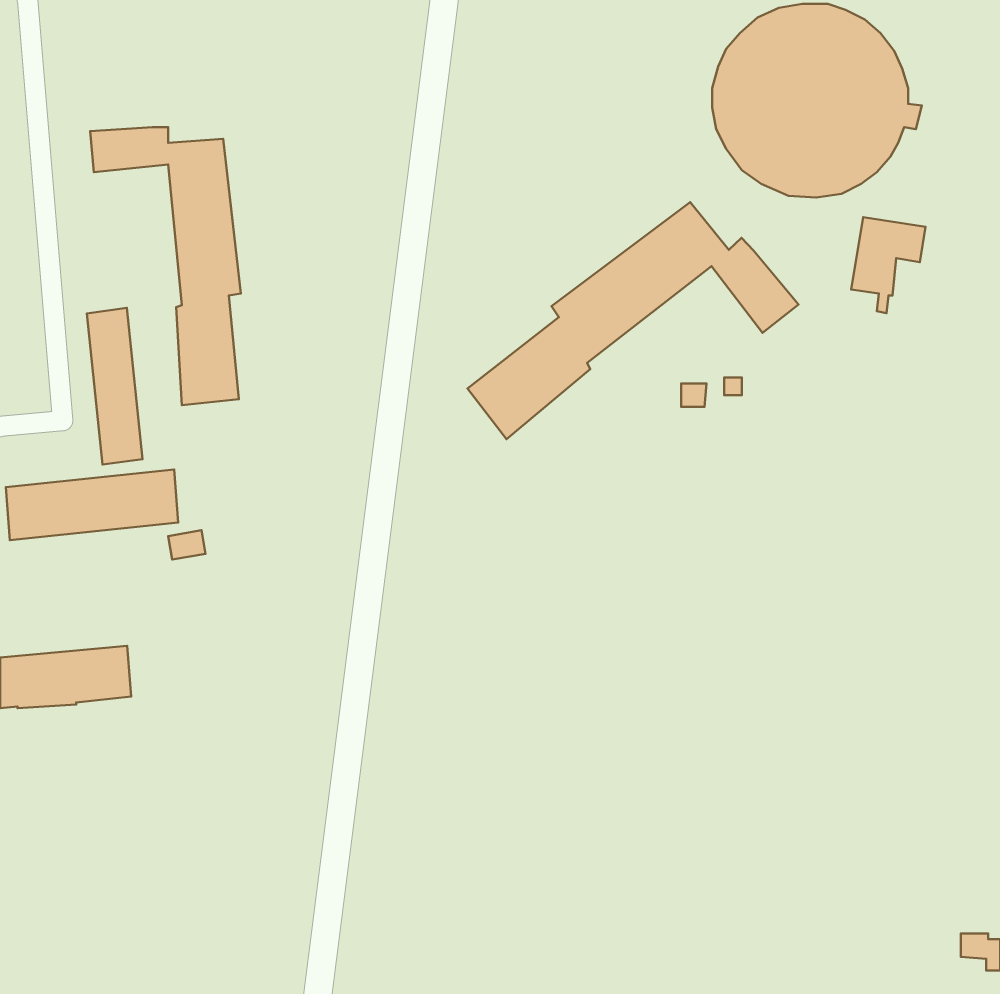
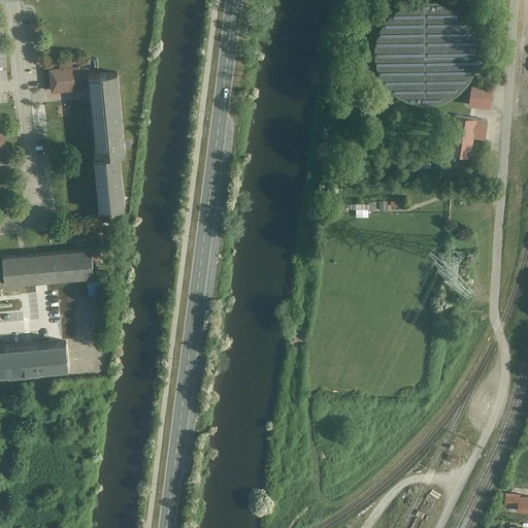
building: none -> [468,88,493,110]
building: [468,202,799,439] -> none
building: [87,308,143,465] -> none

